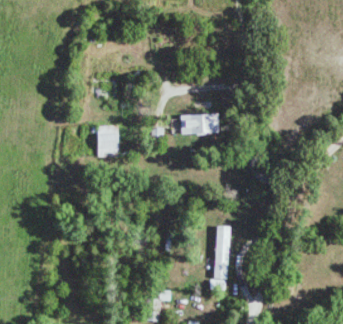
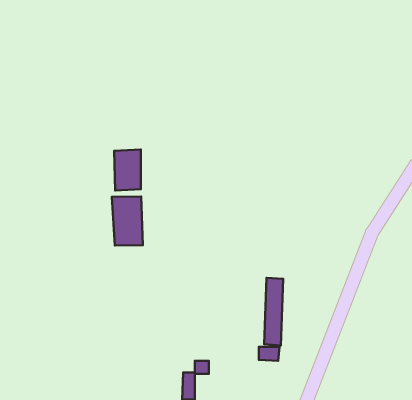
building: [180,113,219,134] -> none
building: none -> [112,196,143,245]

